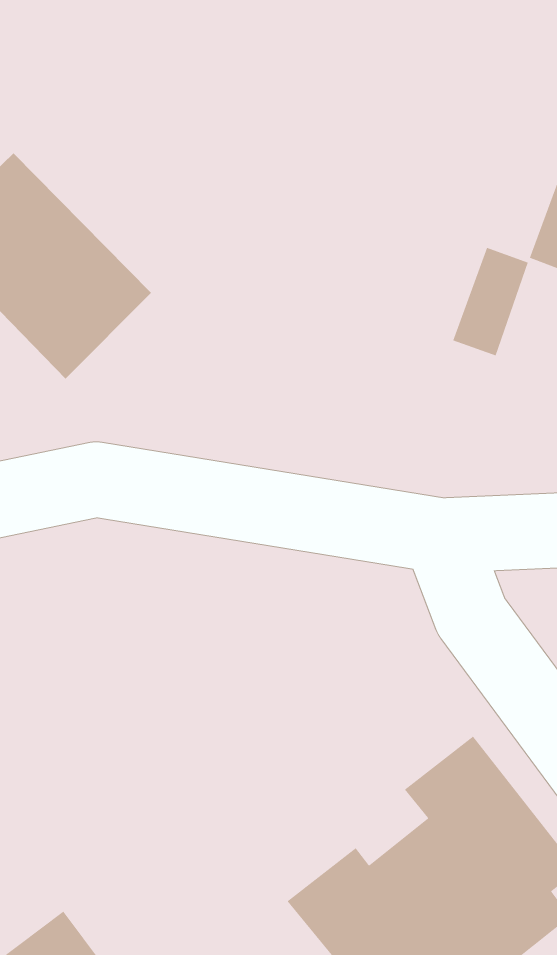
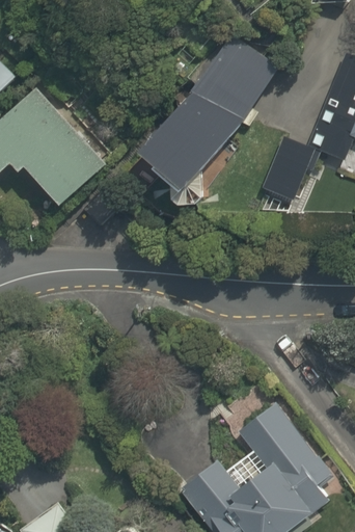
building: none -> [142,34,282,193]

